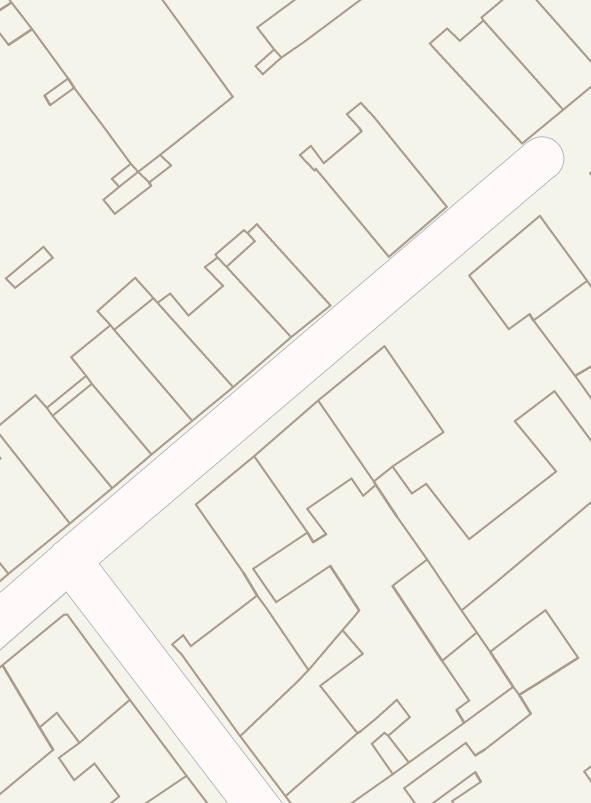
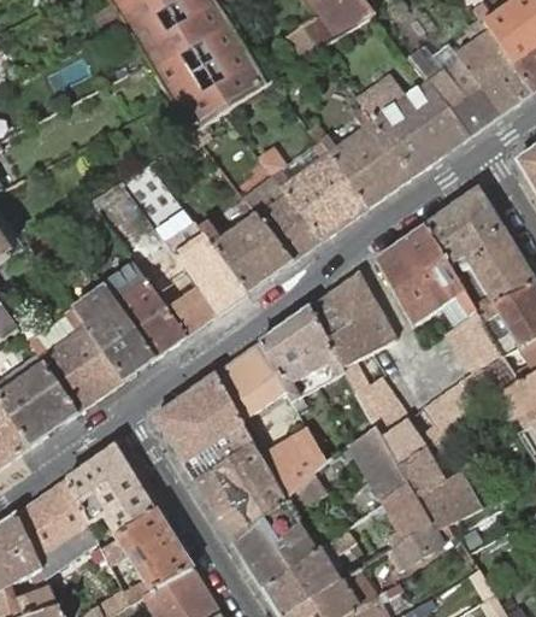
building: none -> [357,71,470,175]
building: none -> [259,140,367,239]
building: none -> [376,225,476,325]
building: none -> [154,374,253,475]
building: none -> [399,447,443,496]

